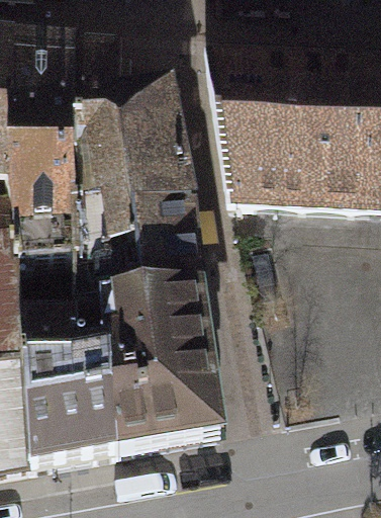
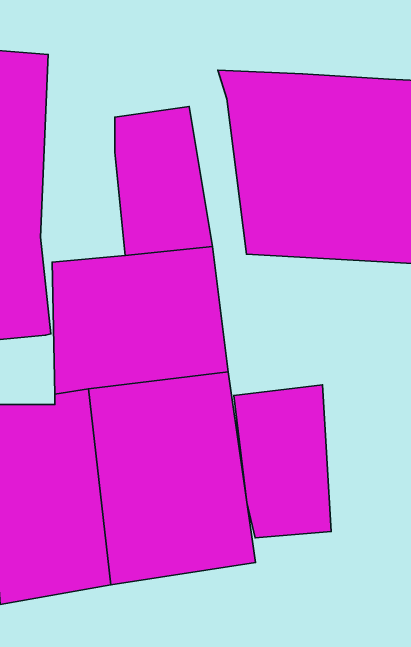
building: [72,41,128,208] -> none
building: none -> [234,385,331,538]

